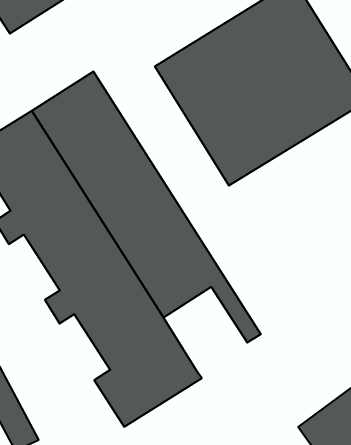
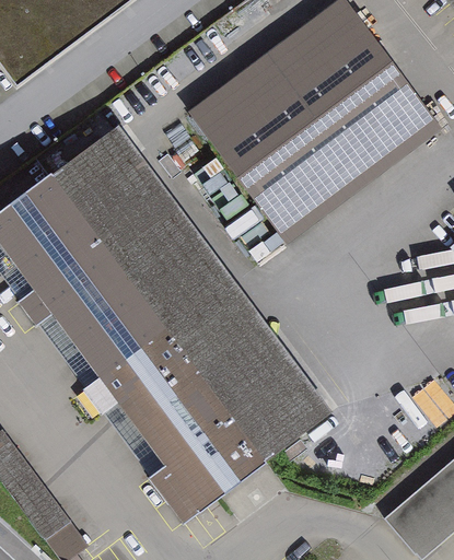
building: none -> [219,359,317,459]

